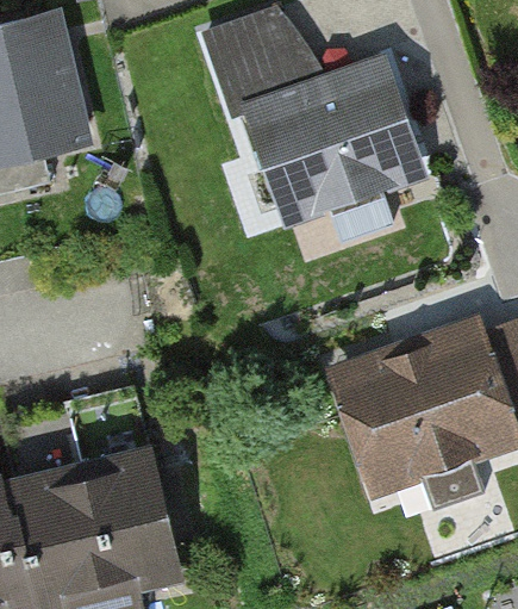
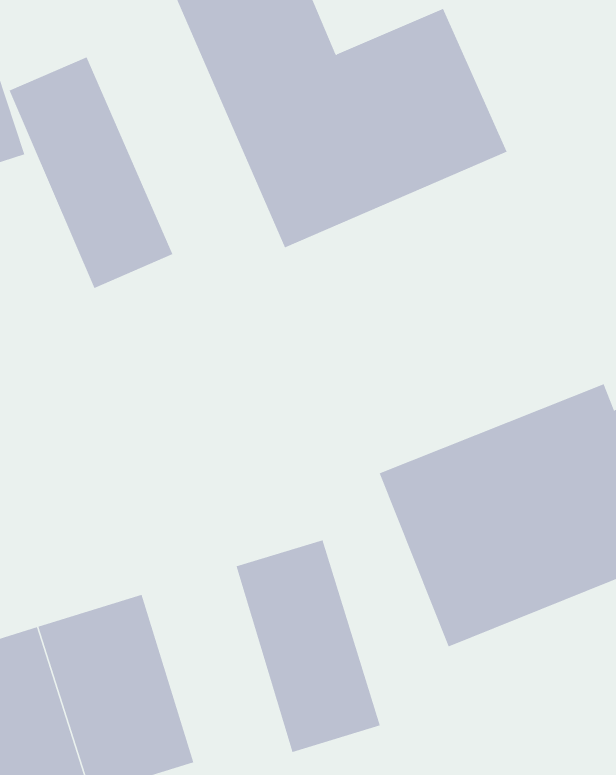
building: none -> [9,56,173,289]
building: none -> [236,539,380,753]

